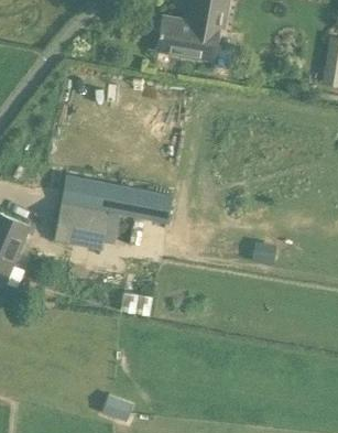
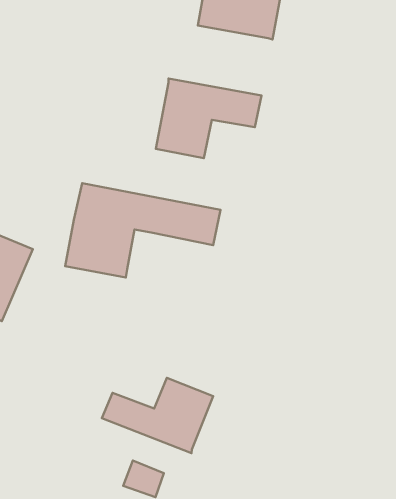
building: none -> [156,78,262,158]
building: none -> [102,378,213,453]

